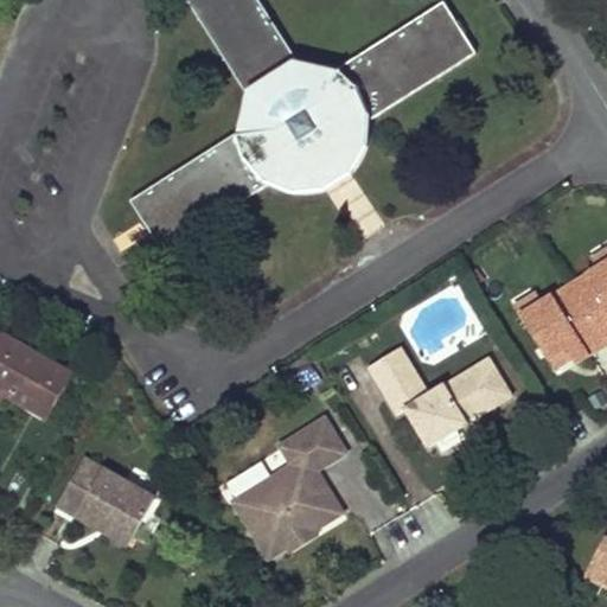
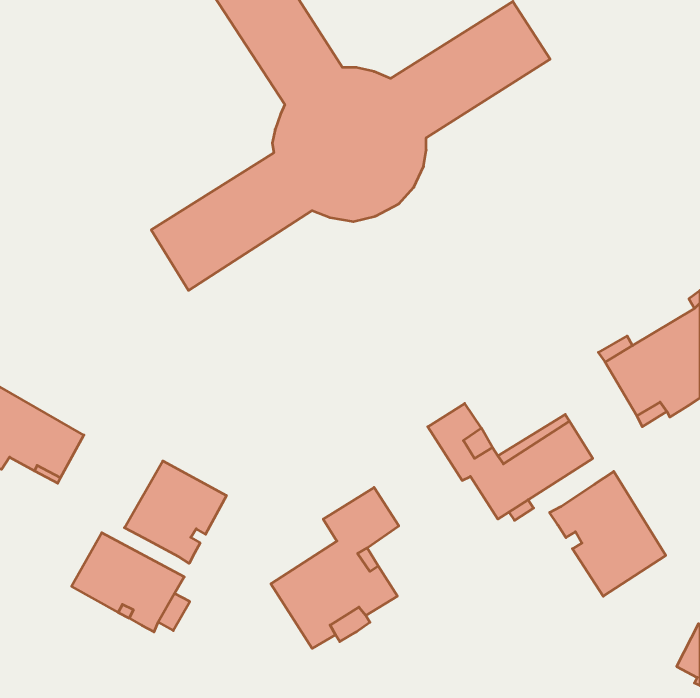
building: none -> [124,461,226,563]
building: none -> [550,471,666,596]

